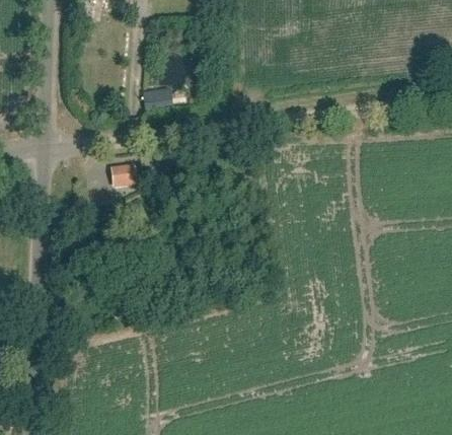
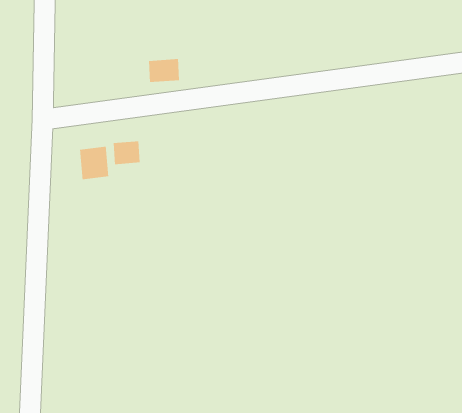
building: none -> [80,146,109,180]

